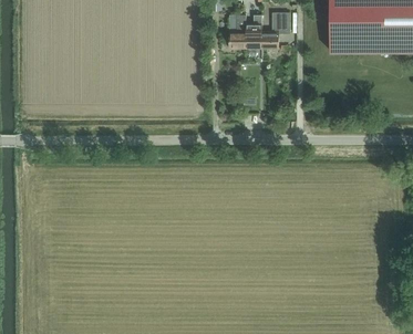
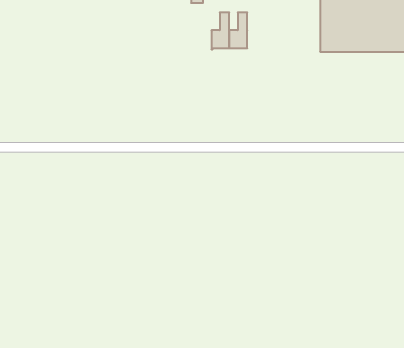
building: [262,12,290,48] -> none

